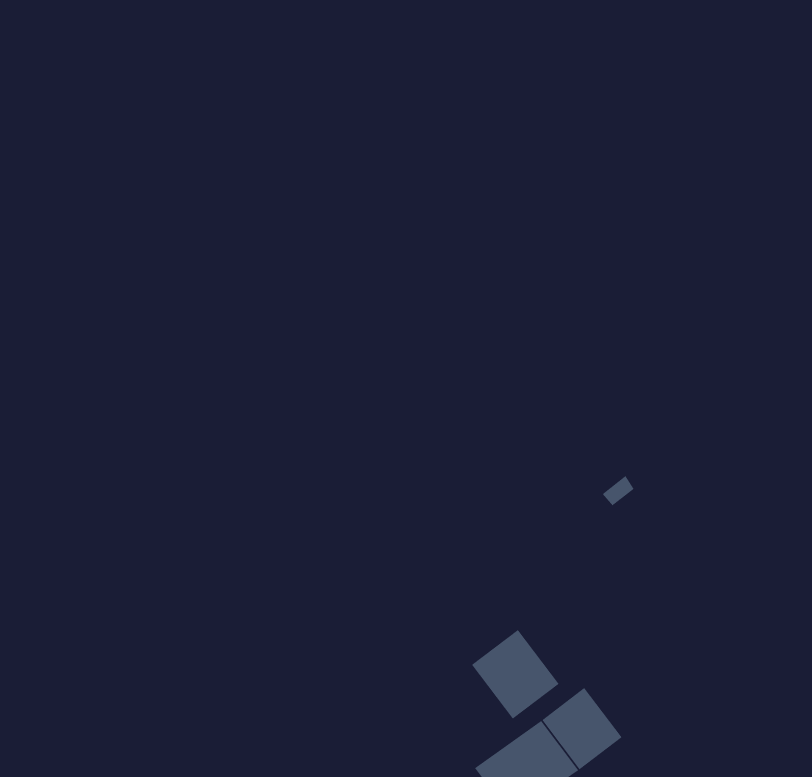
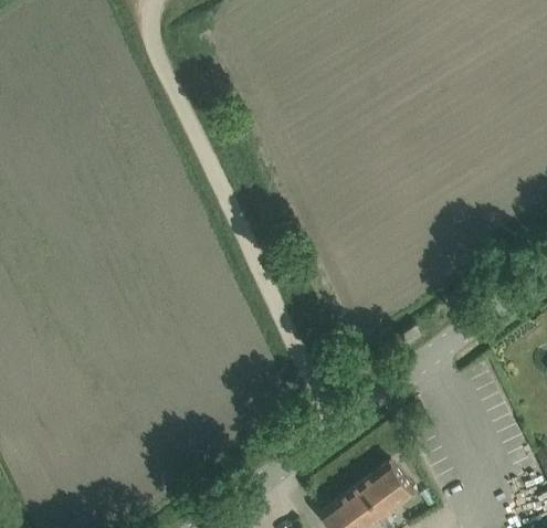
building: [471,629,559,719] -> none

